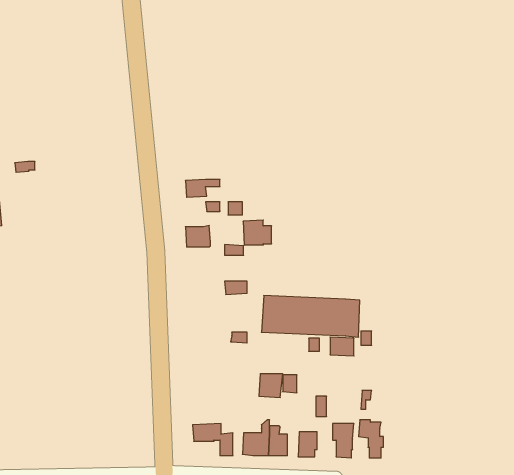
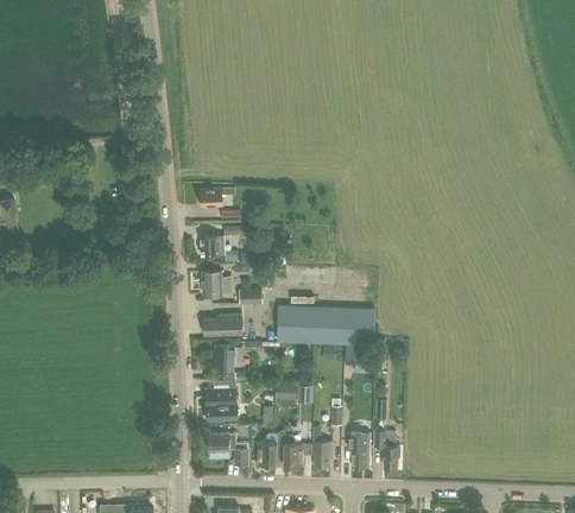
building: [243,220,272,245] -> [201,270,229,294]
building: none -> [203,314,241,335]
building: none -> [214,344,234,373]
building: none -> [206,388,238,418]

